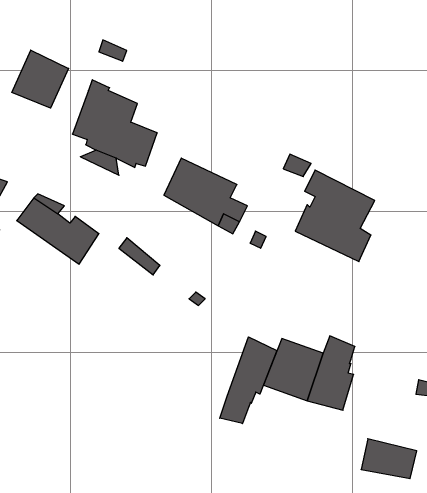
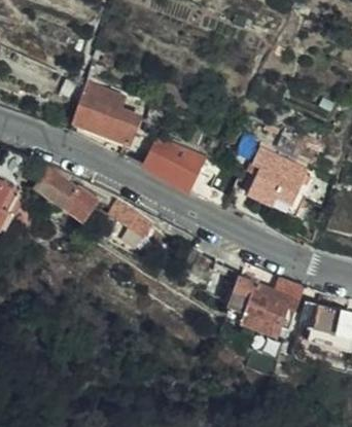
building: [12,50,69,108] -> none
building: [220,337,277,424] -> none
building: [361,439,417,479] -> [296,301,340,332]

